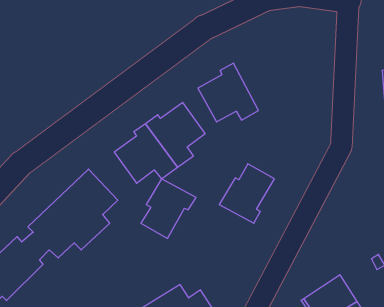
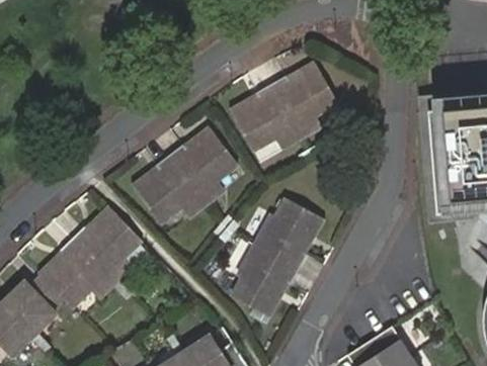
building: none -> [271,67,337,139]
building: [141,179,196,238] -> [232,246,295,313]

